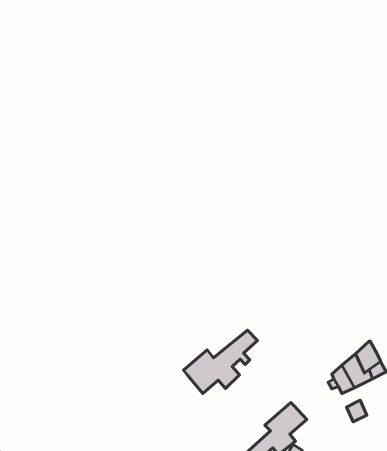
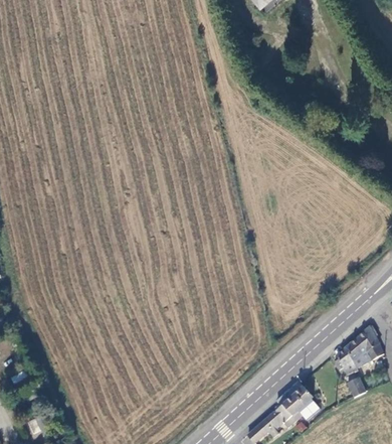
building: [184,330,258,393] -> none

